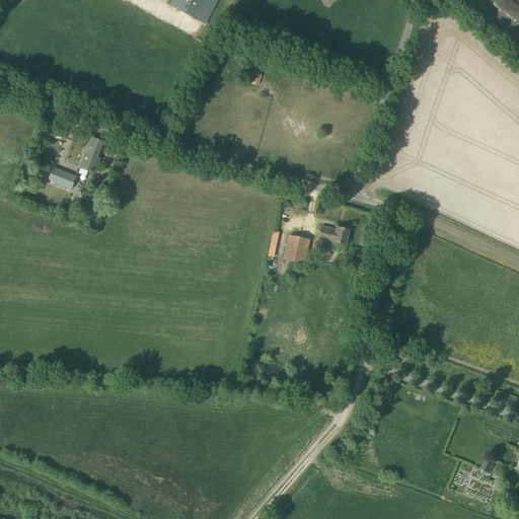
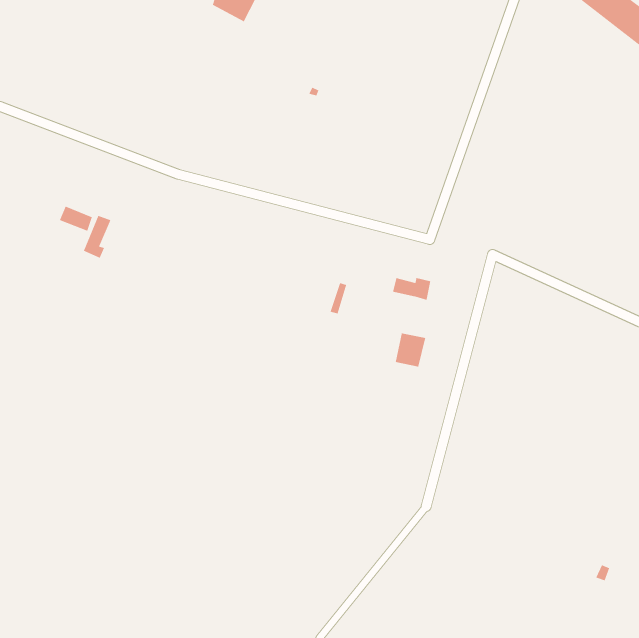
building: [80,136,103,171] -> [83,215,112,259]
building: [285,233,310,262] -> [395,333,426,368]

